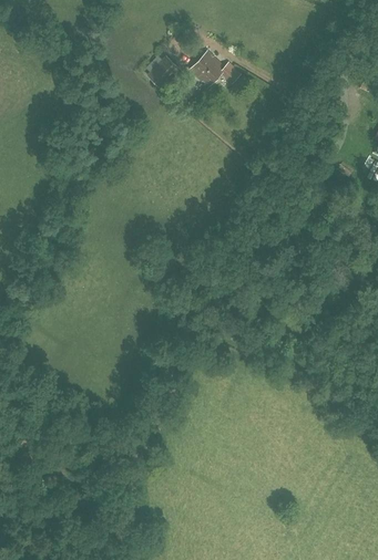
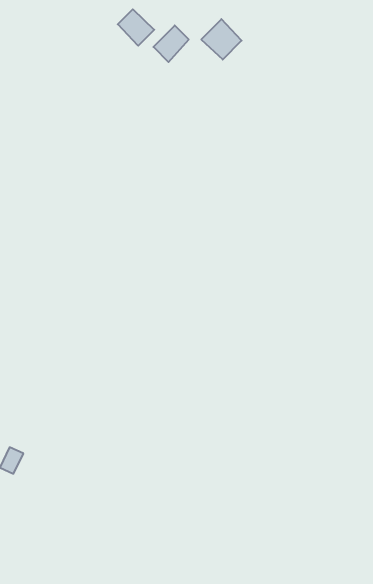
building: none -> [118,9,154,46]

